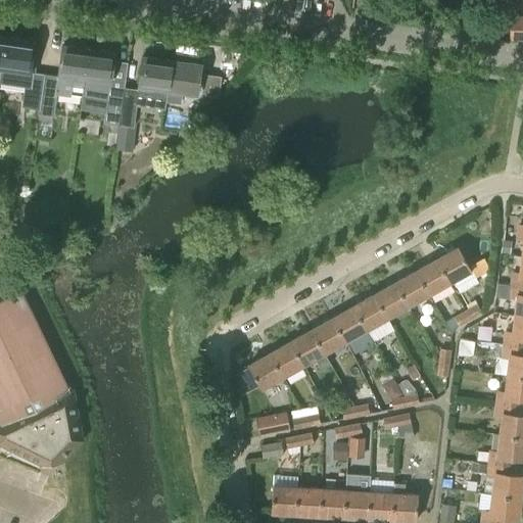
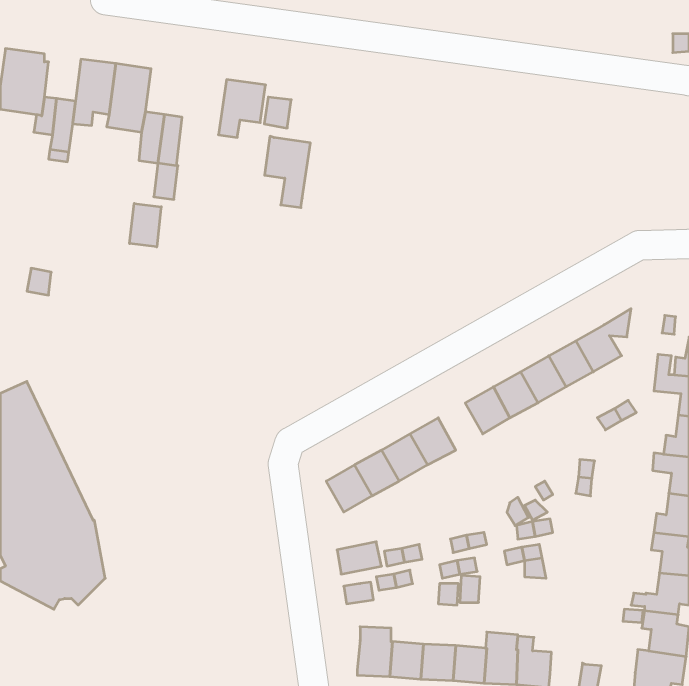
building: [137,57,172,111] -> [265,136,310,208]
building: none -> [130,203,161,247]
building: [332,307,373,355] -> none

